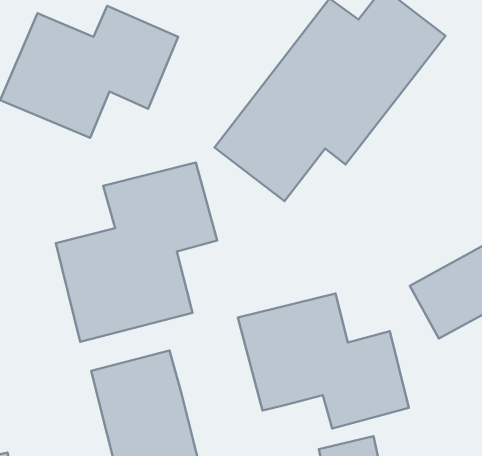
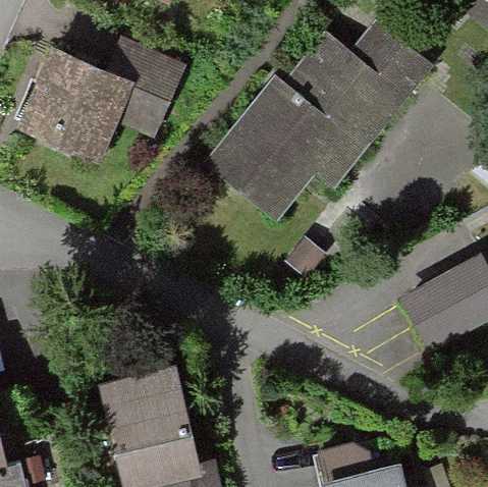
building: [56,163,217,342] -> none
building: [238,293,409,429] -> none

